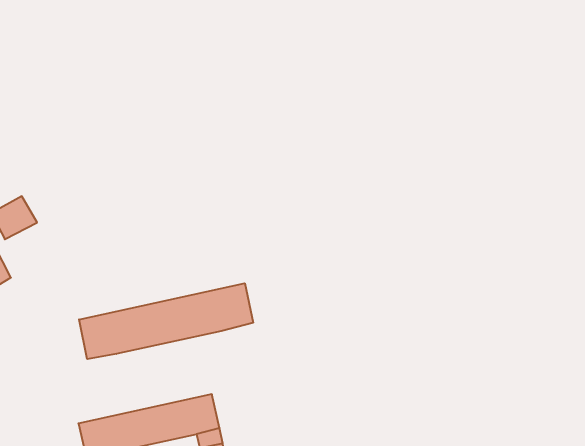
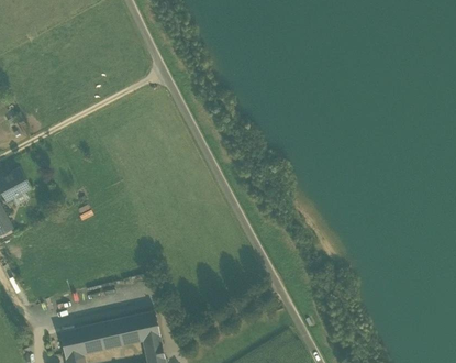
building: [79,283,253,359] -> none

